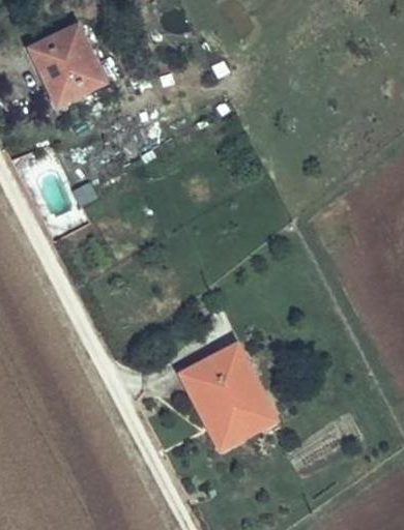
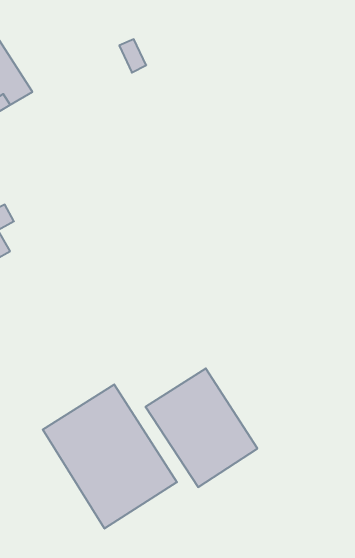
building: none -> [43,384,177,529]

